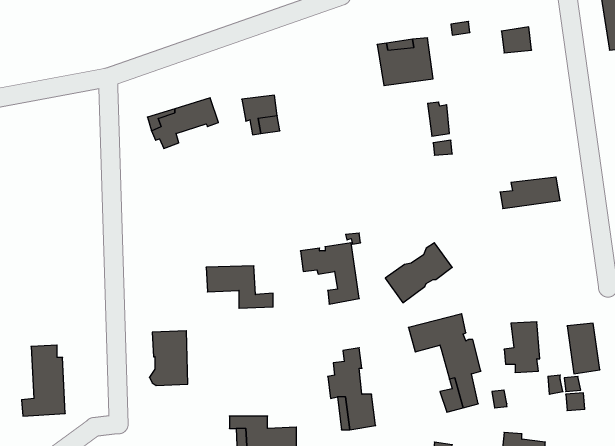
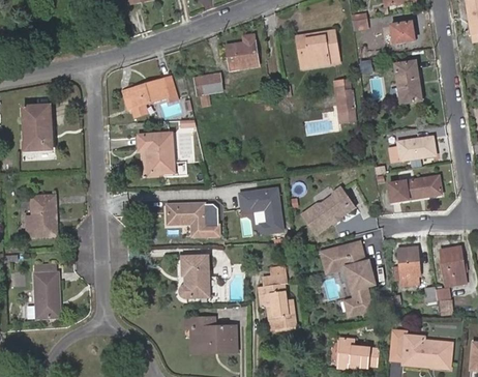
building: none -> [226,34,257,69]
building: none -> [394,61,420,103]
building: none -> [22,106,51,150]
building: none -> [138,134,173,174]
building: none -> [389,176,441,201]
building: none -> [26,196,56,236]
building: [149,331,188,385] -> [179,256,208,297]

